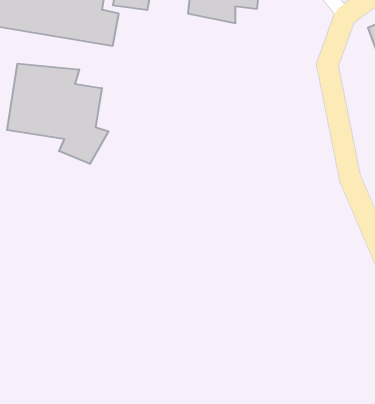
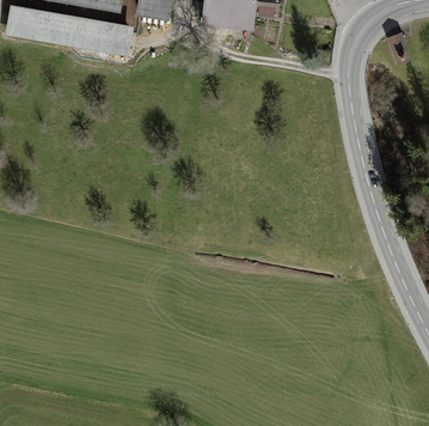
building: [7,64,109,164] -> none

